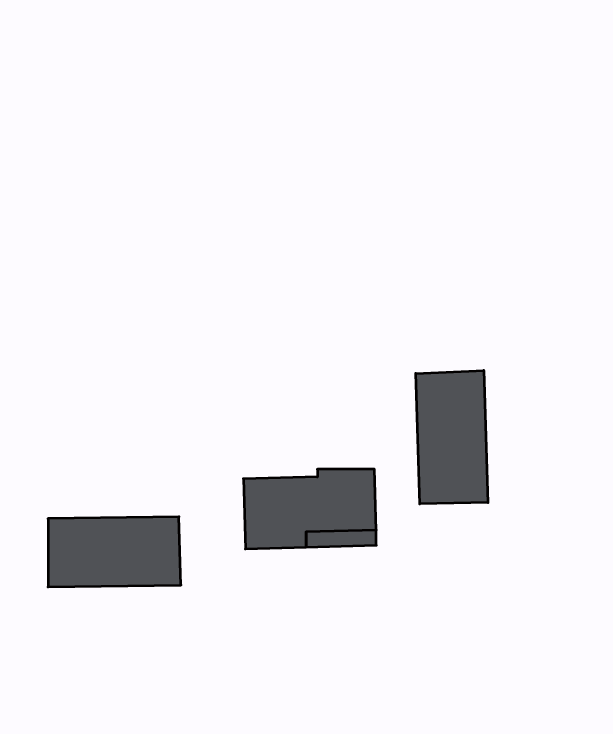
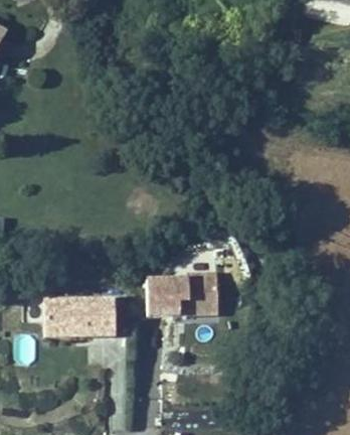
building: [416,370,488,504] -> none

